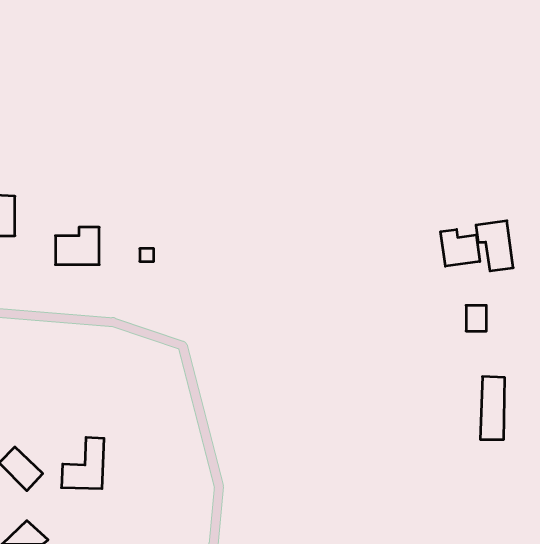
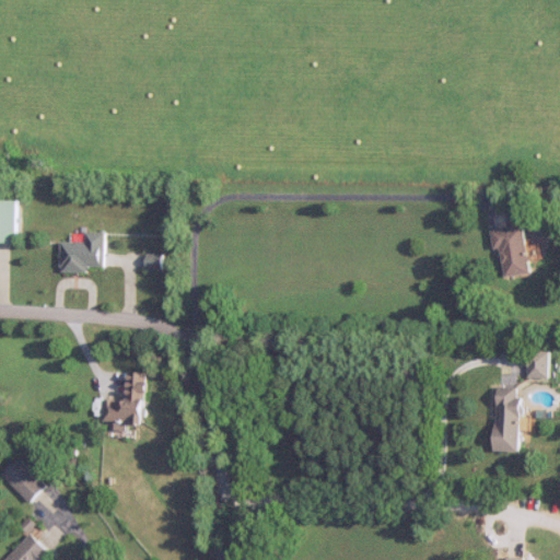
building: [441,229,480,266] -> none
building: [466,305,486,331] -> [524,351,545,377]
building: [61,437,104,489] -> [101,372,144,424]

